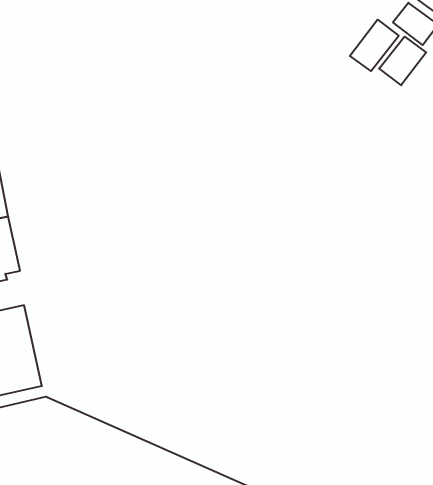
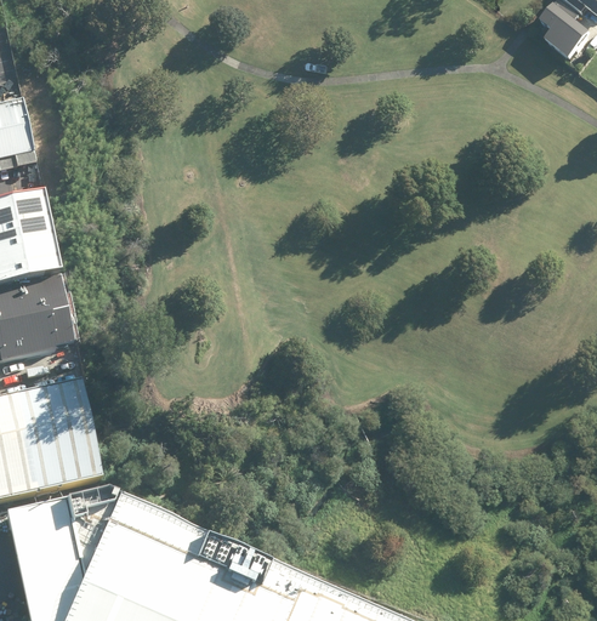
building: [350,20,399,71] -> none
building: [379,37,426,85] -> none

